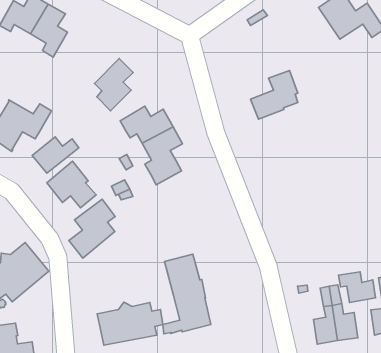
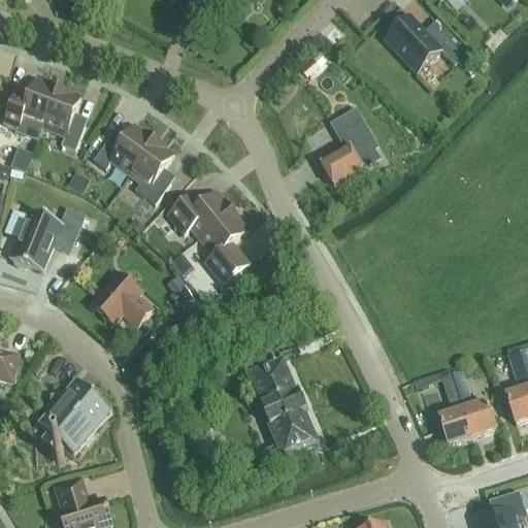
building: none -> [93,125,155,173]
building: [32,137,79,173] -> none
building: [69,199,115,258] -> none
building: [338,272,375,302] -> none
building: [97,302,163,345] -> none

